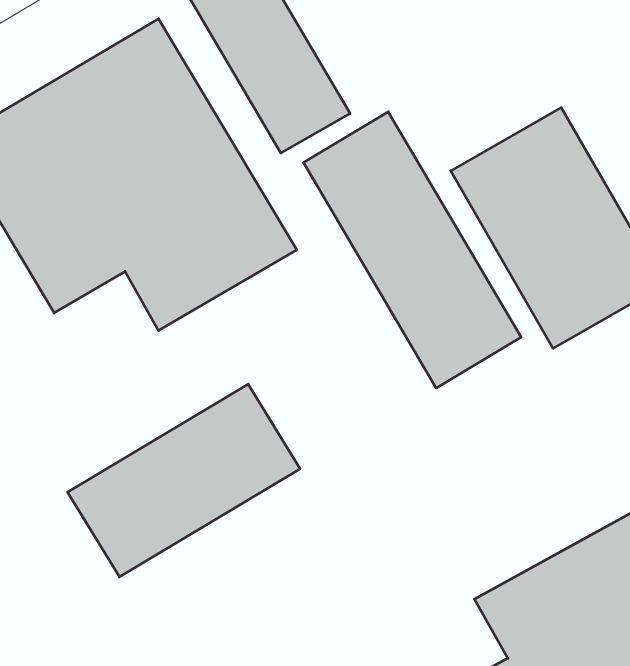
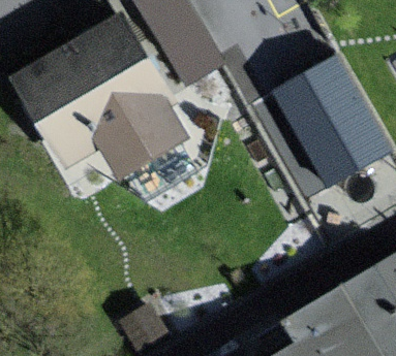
building: [303,112,521,388] -> none
building: [68,384,300,577] -> none

